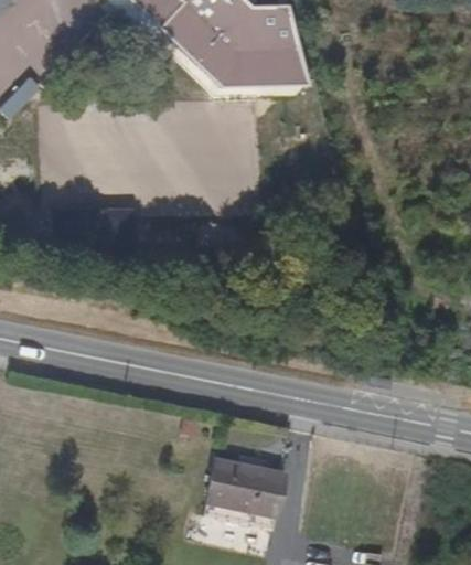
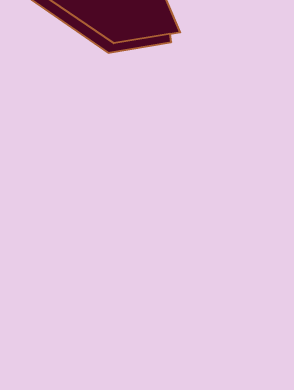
building: [205,455,287,513] -> none

